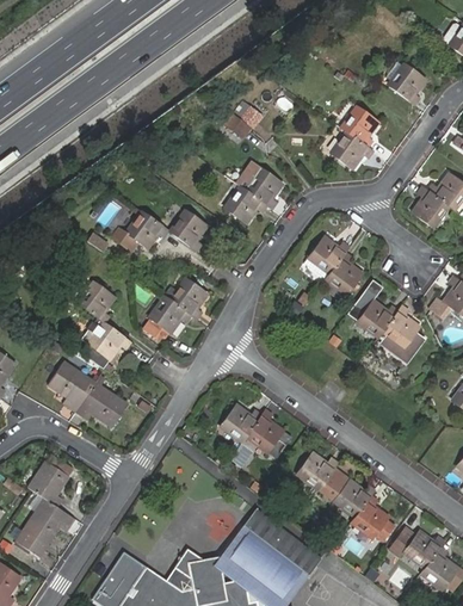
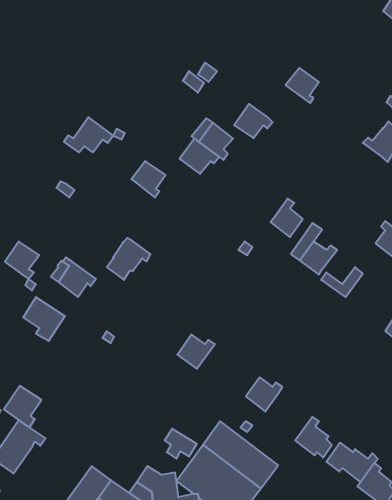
building: [385,63,424,105] -> none
building: [329,130,372,168] -> [234,104,273,138]
building: [410,186,449,229] -> none
building: [113,210,168,249] -> [64,117,113,152]
building: [305,236,347,272] -> none
building: [168,278,205,319] -> none
building: [76,280,115,322] -> [5,241,39,279]
building: [381,304,419,347] -> none
building: [76,383,126,427] -> none
building: [245,409,283,452] -> none
building: [317,468,374,517] -> none

